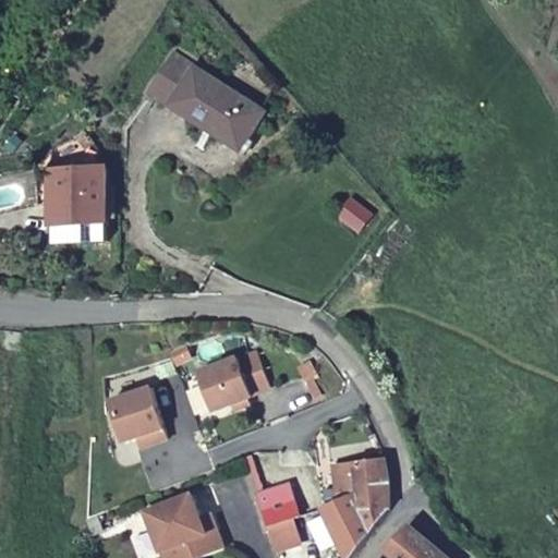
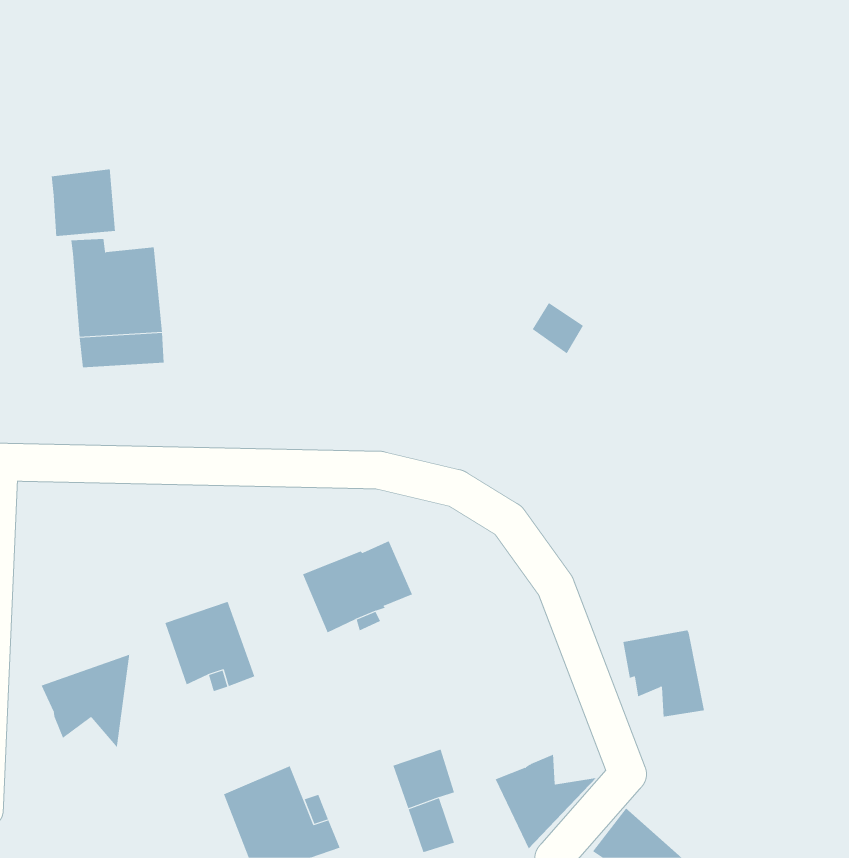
building: [141,48,258,141] -> none
building: none -> [51,169,116,237]
building: none -> [41,654,130,748]
building: [335,452,388,509] -> [623,630,705,717]

